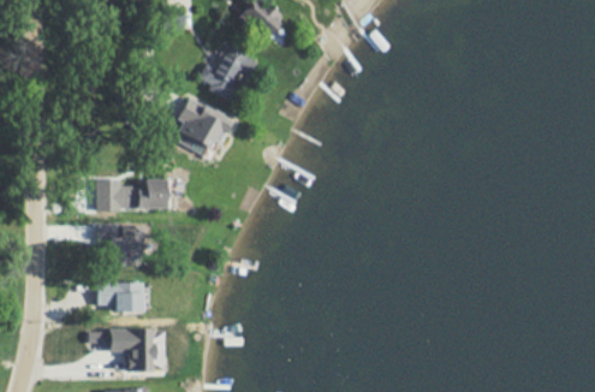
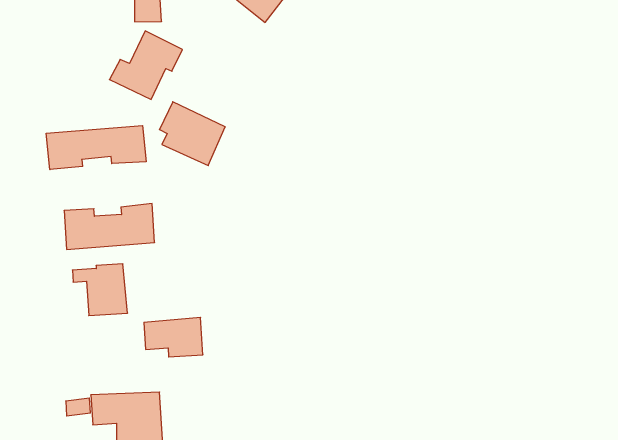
building: [197,42,257,97] -> [109,31,182,99]
building: none -> [46,126,146,170]
building: [97,281,143,311] -> [144,317,203,357]

